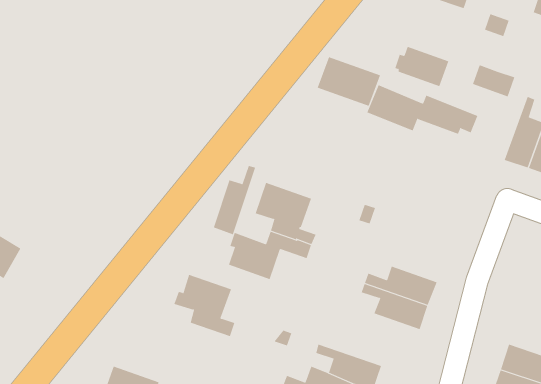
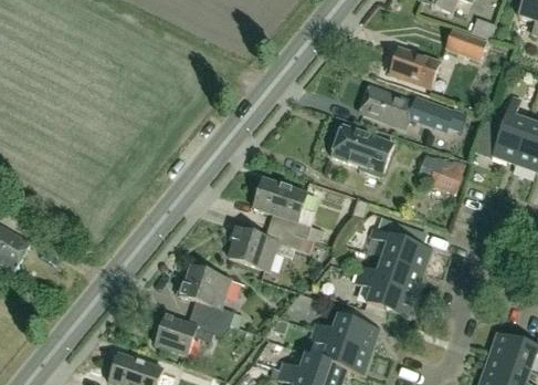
building: [317,56,381,106] -> [331,125,392,173]
building: [472,64,515,97] -> [445,28,486,59]
building: none -> [419,152,465,191]
building: [213,165,256,235] -> none
building: none -> [370,218,434,272]
building: none -> [155,311,230,355]
building: none -> [313,313,382,352]

